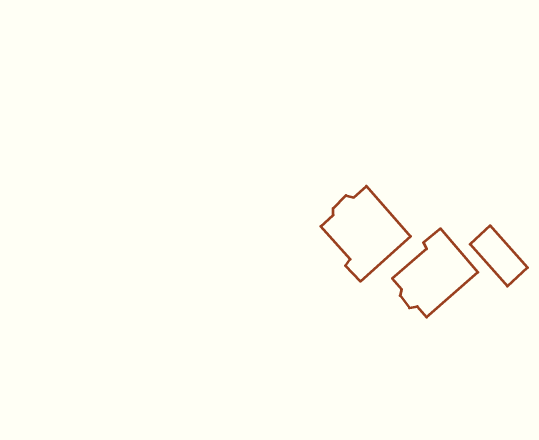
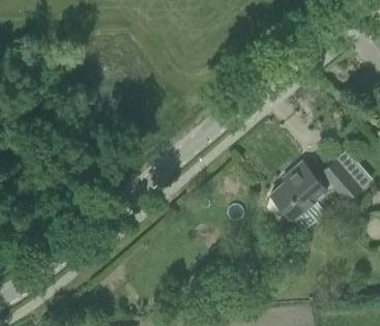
building: [321,186,411,281] -> none

